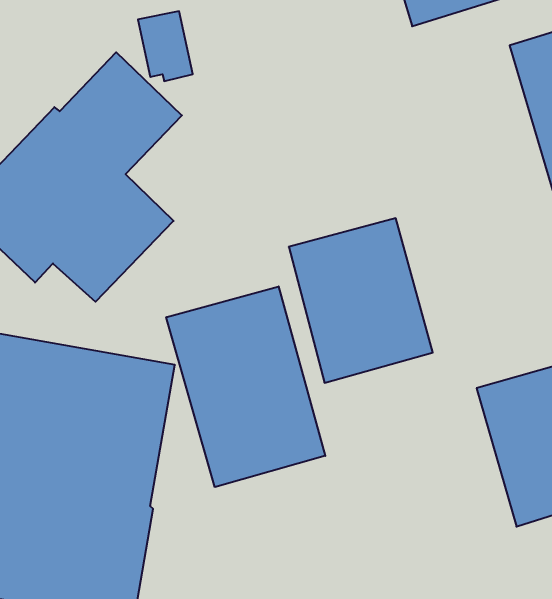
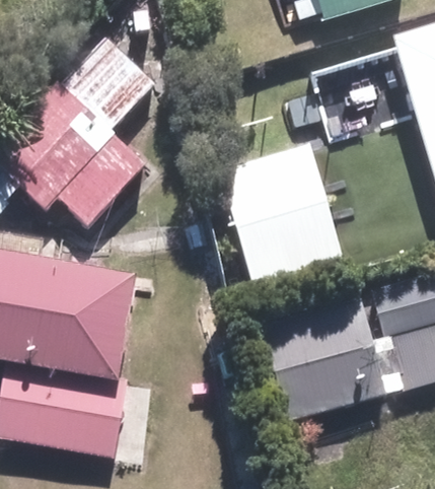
building: [166,286,325,487] -> none
building: none -> [265,292,387,420]

